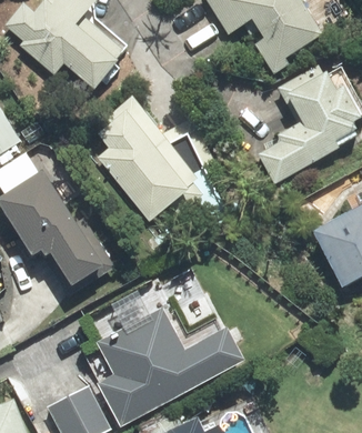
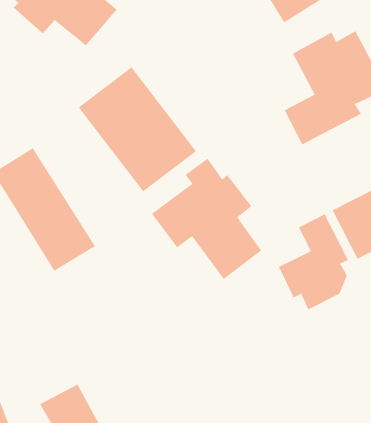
building: none -> [151,158,262,280]
building: none -> [278,213,349,310]
building: [101,313,238,420] -> none

